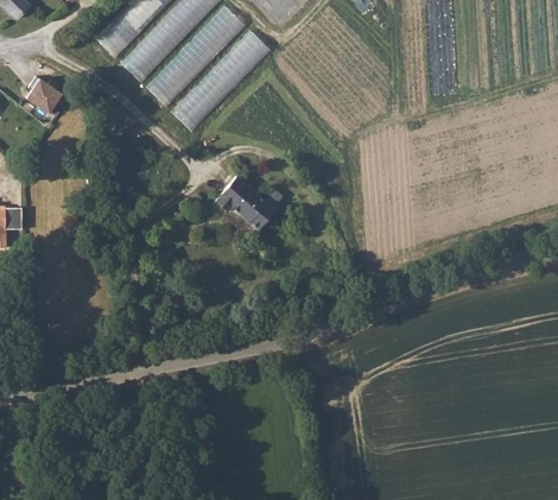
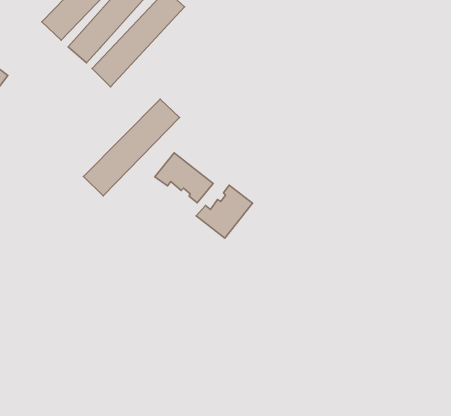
building: [172,30,272,131] -> [84,99,179,196]
building: none -> [196,185,253,238]

